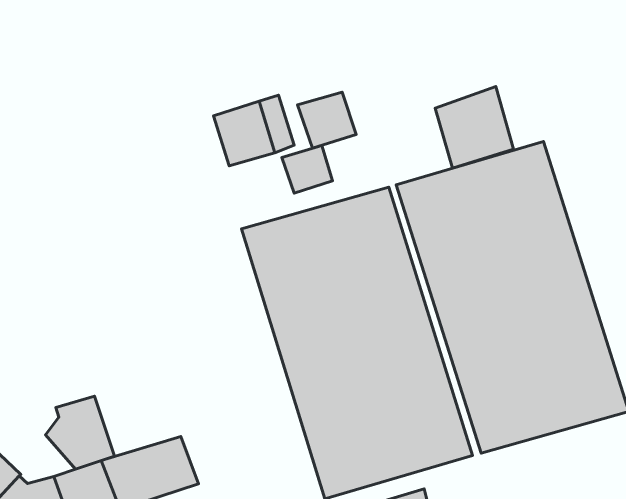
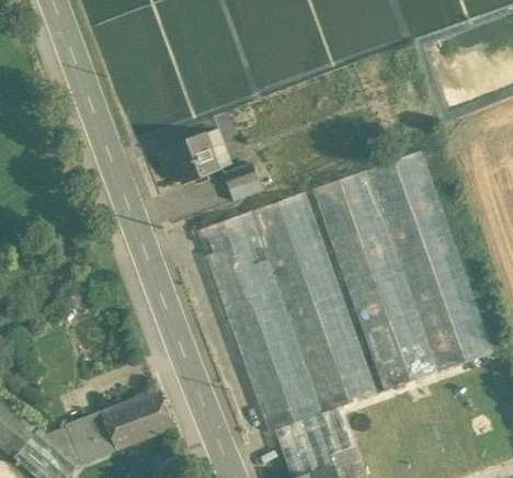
building: [435,87,514,168] -> none
building: [298,92,356,148] -> none
building: [46,396,114,469] -> none

